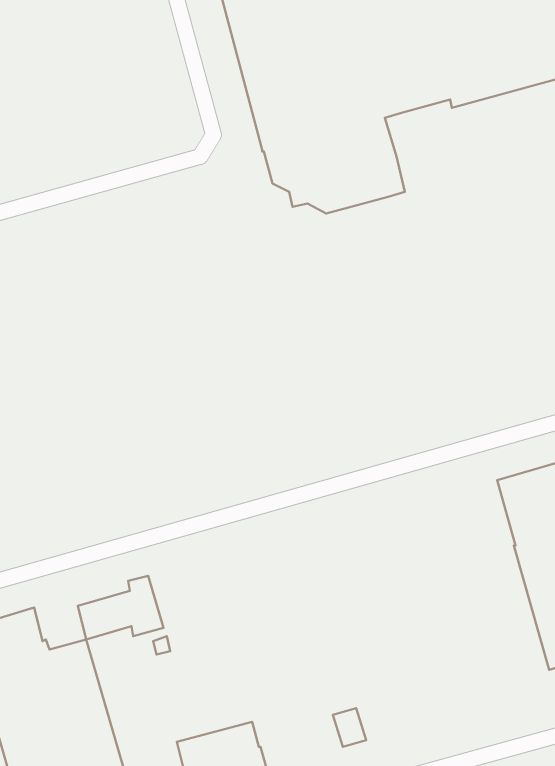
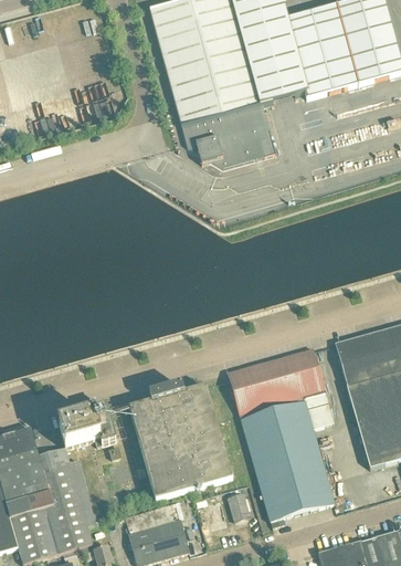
building: none -> [228,347,334,526]
building: none -> [129,385,232,499]

